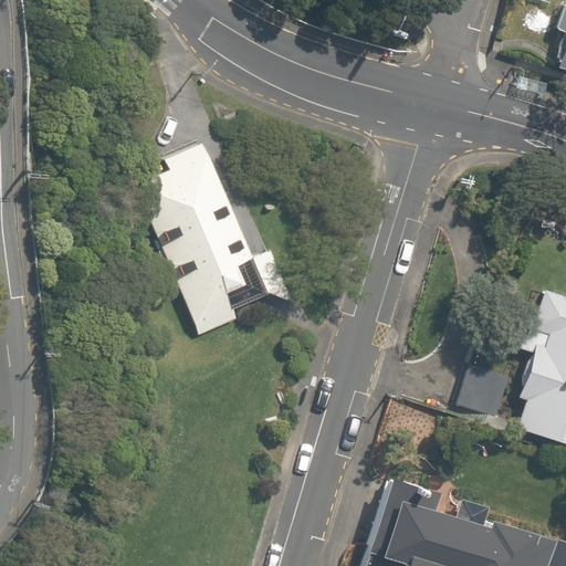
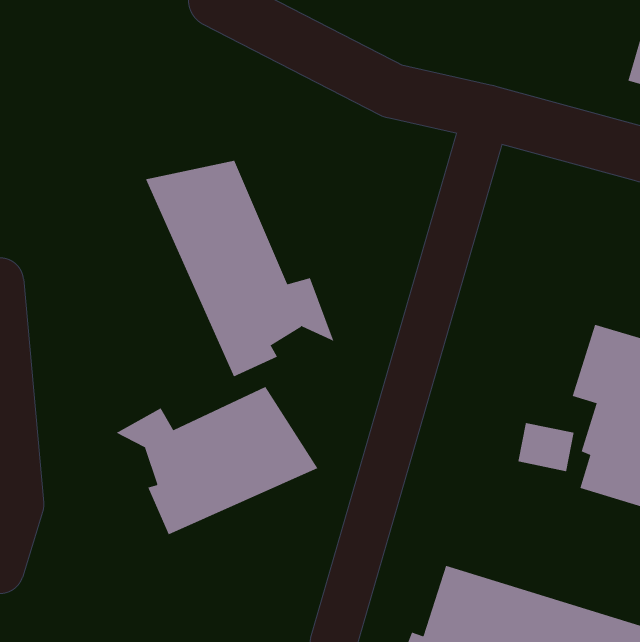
building: none -> [115,386,318,535]

